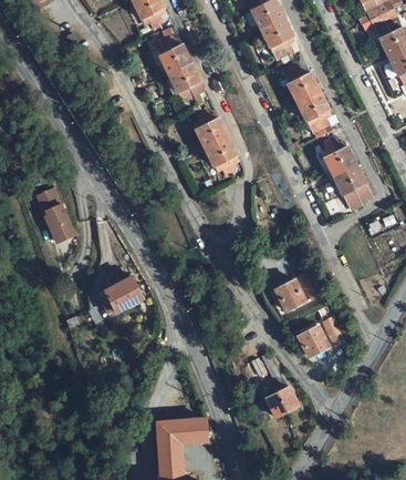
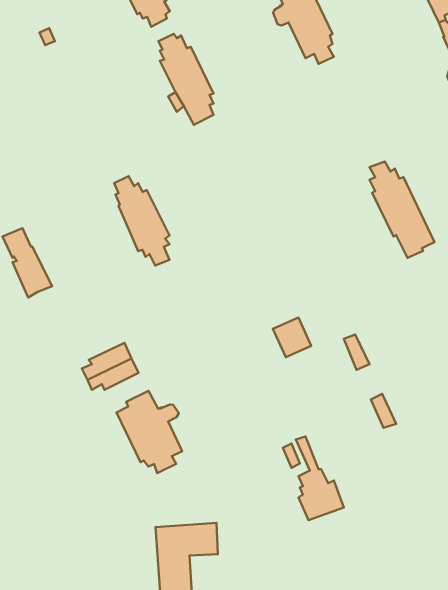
building: [284,59,331,136] -> none
building: [195,109,238,178] -> [114,176,169,265]
building: [275,280,305,312] -> [273,318,311,357]
building: none -> [116,391,182,473]
building: [296,325,327,357] -> none

